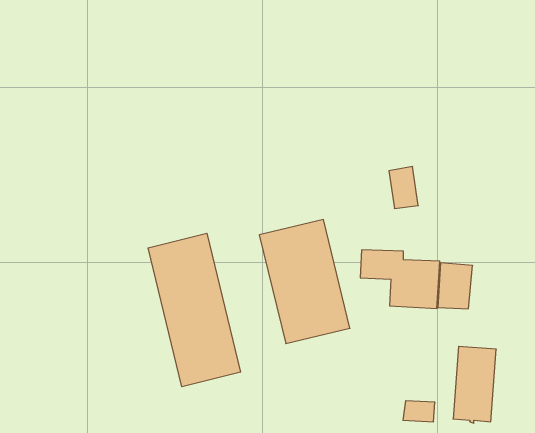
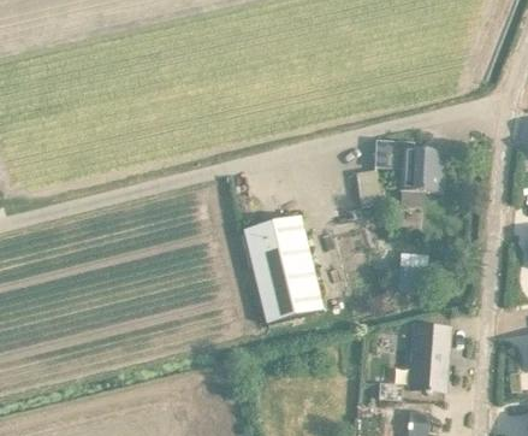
building: [148,233,241,387] -> none
building: [360,250,440,308] -> [375,141,444,192]

